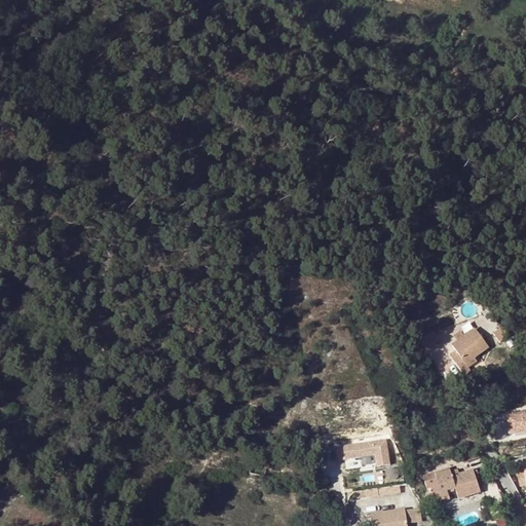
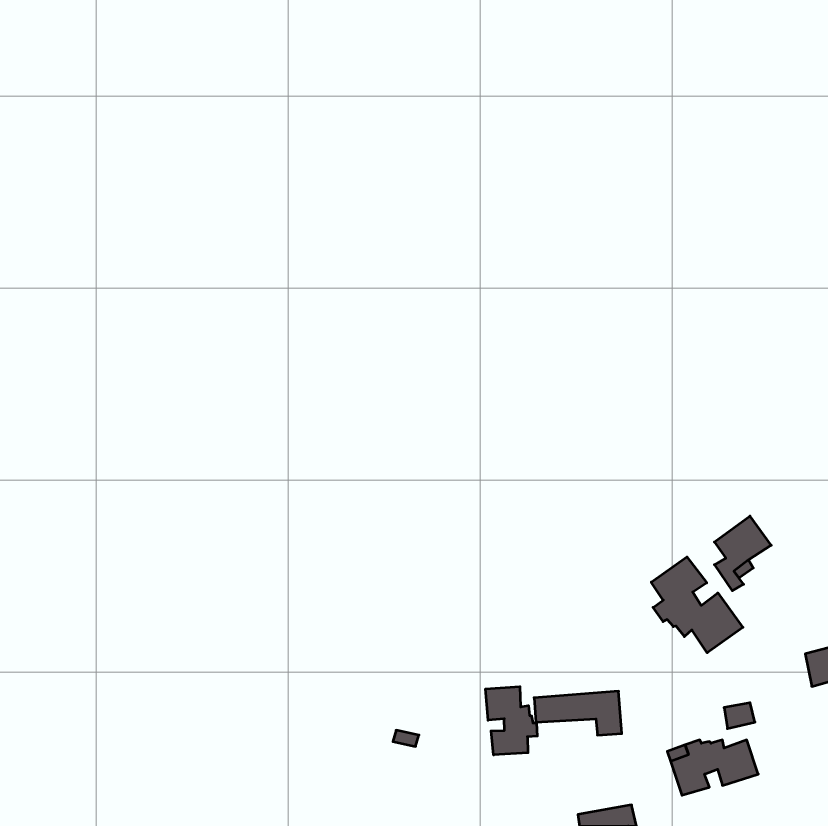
building: none -> [651,557,743,653]
building: none -> [486,687,537,755]

